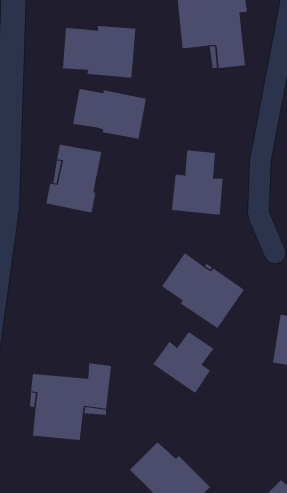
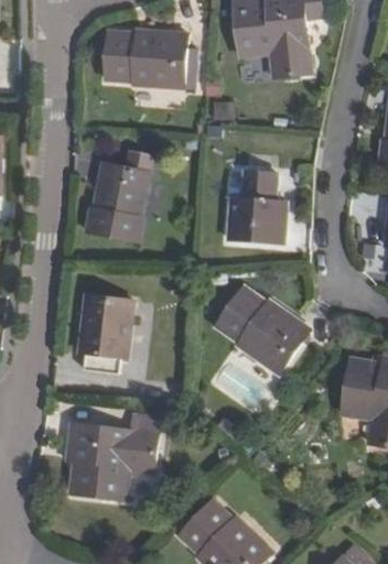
building: [72,88,146,140] -> none
building: none -> [79,296,133,375]
building: [152,331,214,394] -> none

